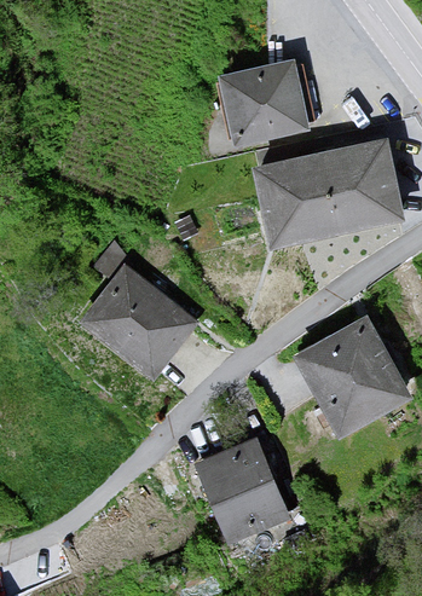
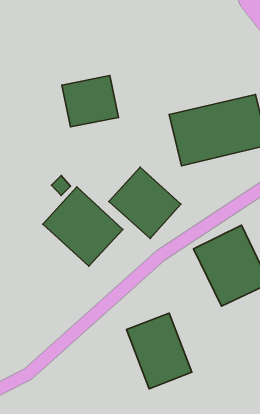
building: [227,64,306,135] -> [62,76,118,127]
building: none -> [109,167,181,239]

